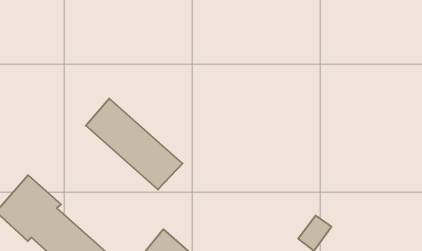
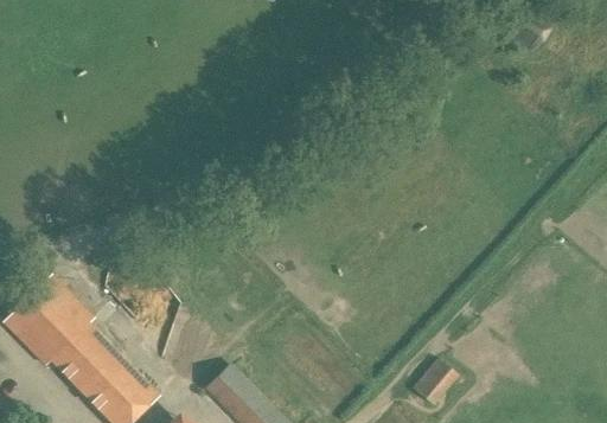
building: [86,98,183,190] -> none

